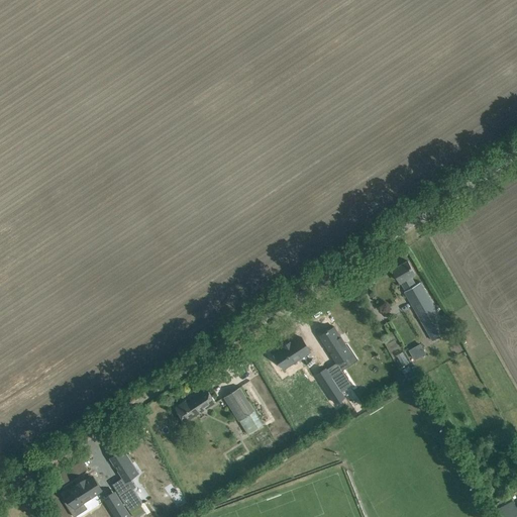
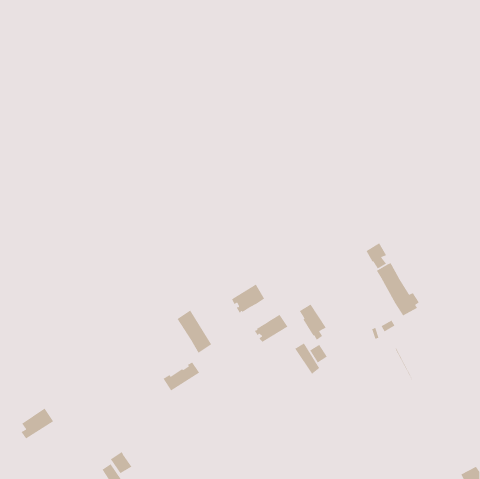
building: none -> [231,283,265,314]
building: [224,388,263,435] -> [177,310,212,354]
building: [110,450,138,483] -> none
building: [65,477,101,511] -> [20,407,54,439]

